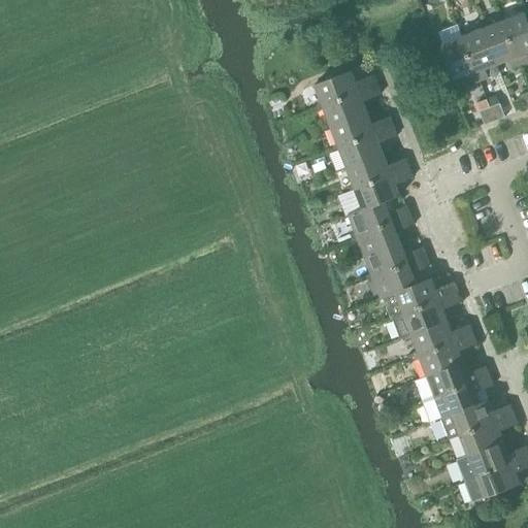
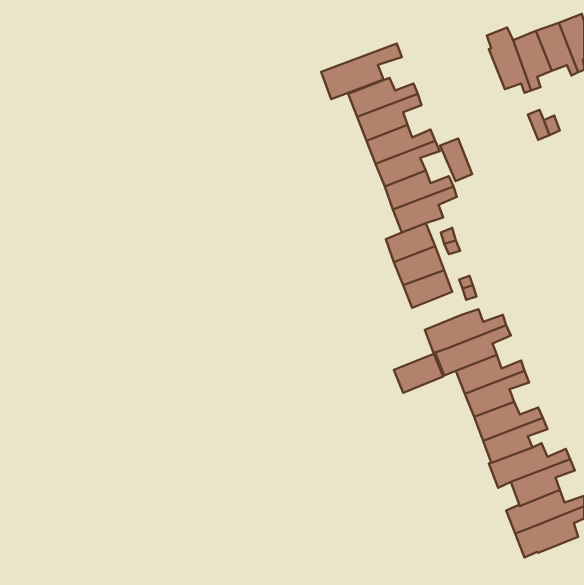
building: none -> [321,43,402,99]
building: none -> [440,139,472,181]
building: [371,263,416,298] -> [394,354,443,393]

